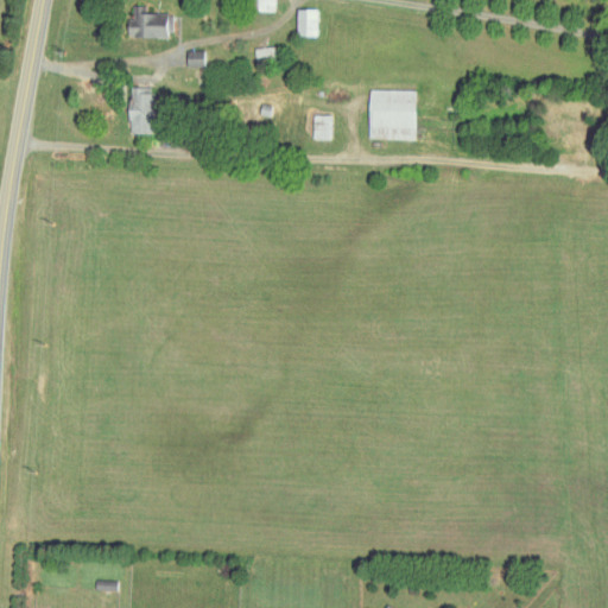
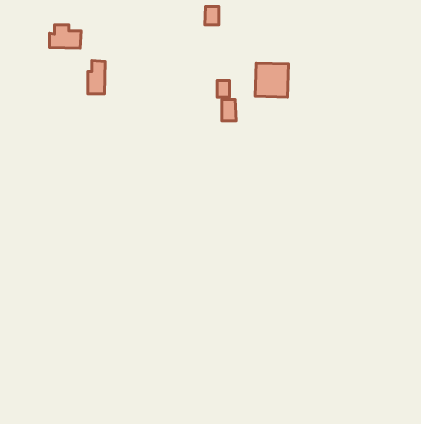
building: [127,6,172,39] -> [50,25,81,48]
building: none -> [222,100,236,121]

